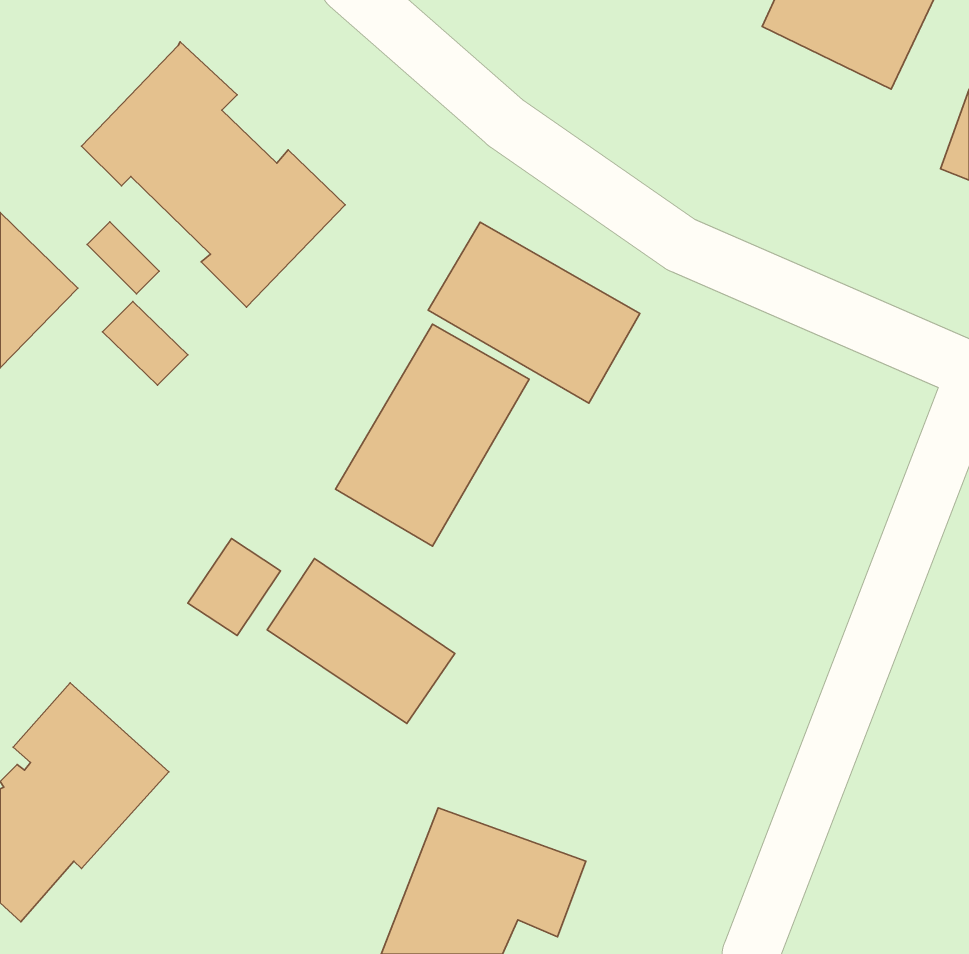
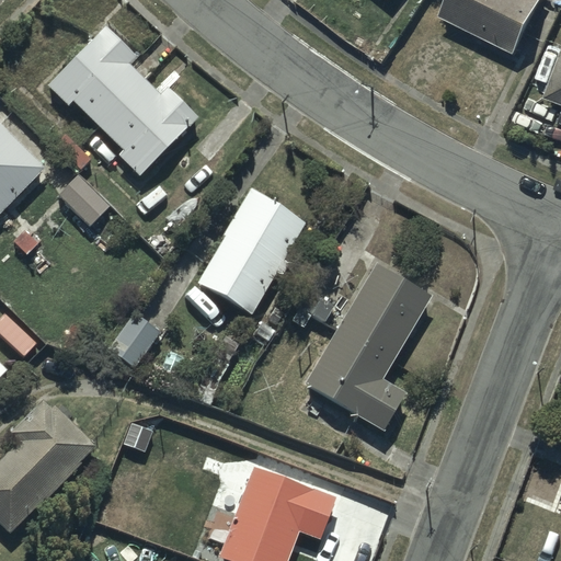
building: [428,222,640,403] -> none
building: none -> [304,263,432,434]
building: [267,559,455,723] -> none

